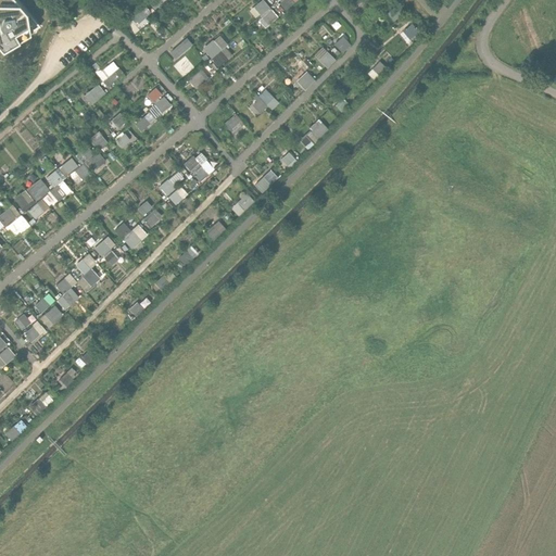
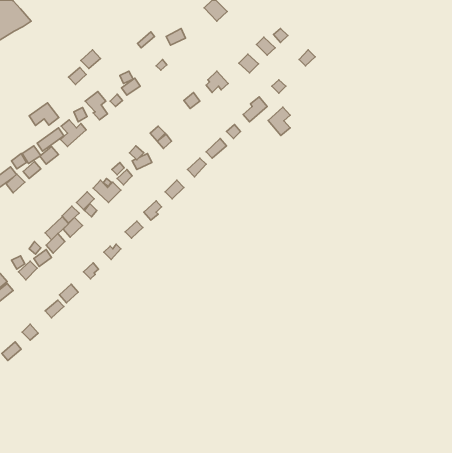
building: none -> [29,103,59,125]
building: none -> [268,107,290,136]

